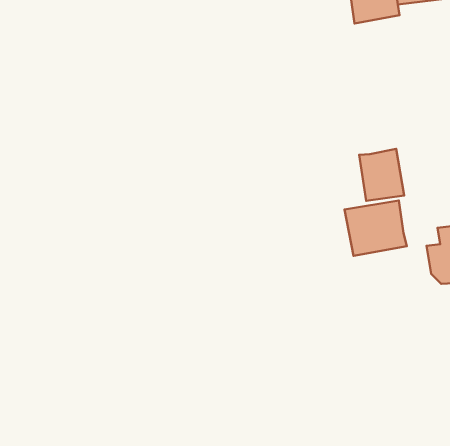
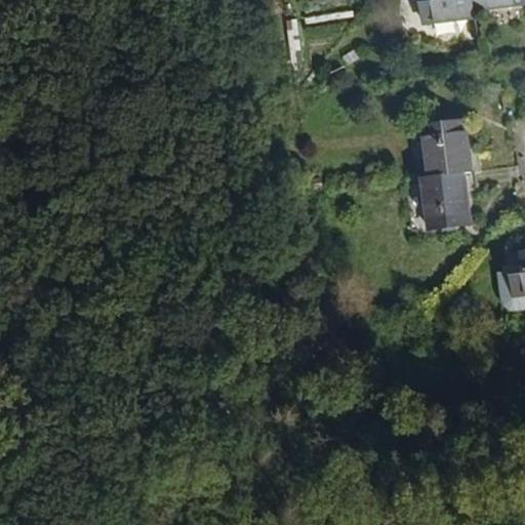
building: none -> [425,116,474,175]
building: [344,200,407,256] -> none

